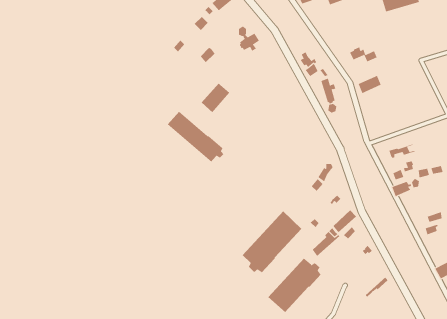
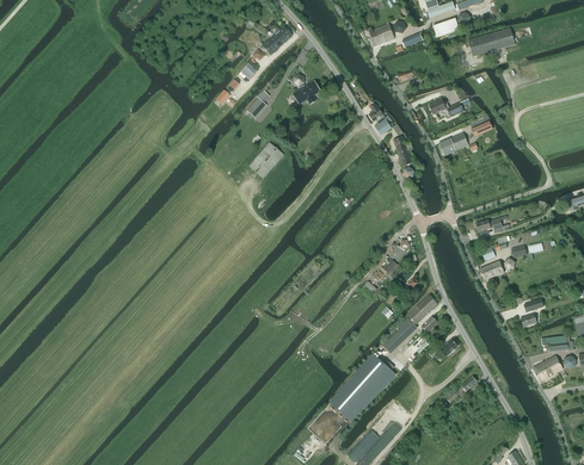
building: [167,111,224,162] -> none
building: [242,210,302,273] -> none

